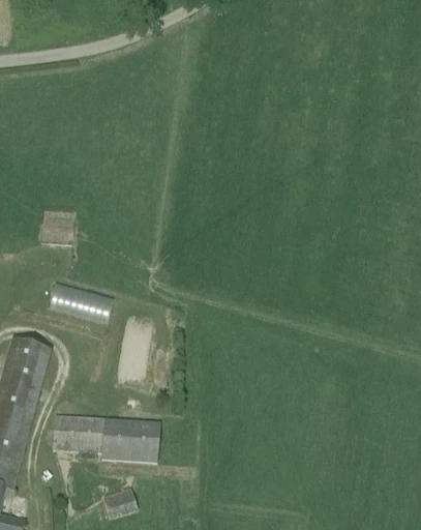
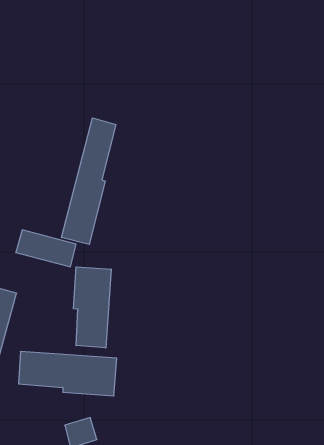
building: none -> [61,118,116,244]
building: none -> [74,267,111,348]

